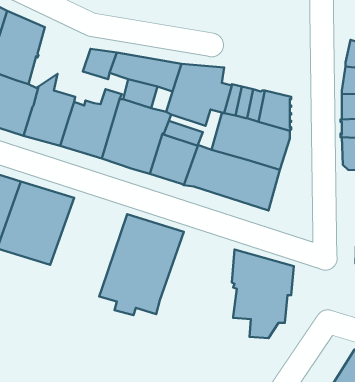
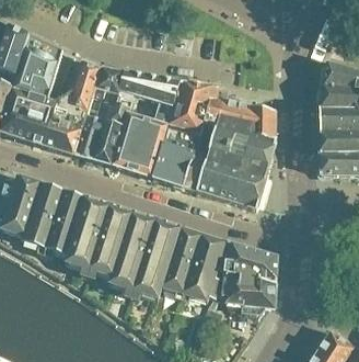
building: none -> [70,59,102,110]
building: none -> [65,197,134,280]
building: none -> [162,227,227,301]

